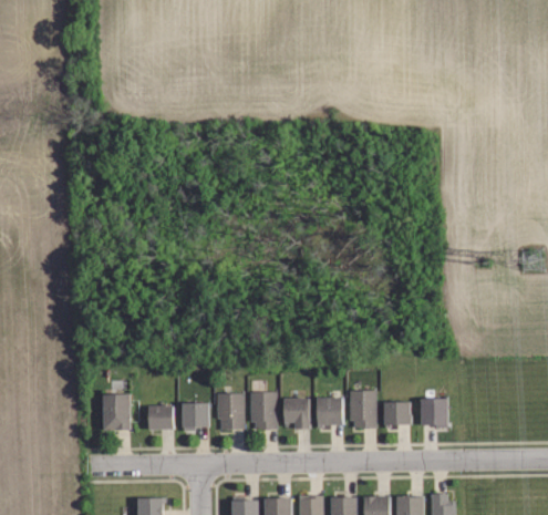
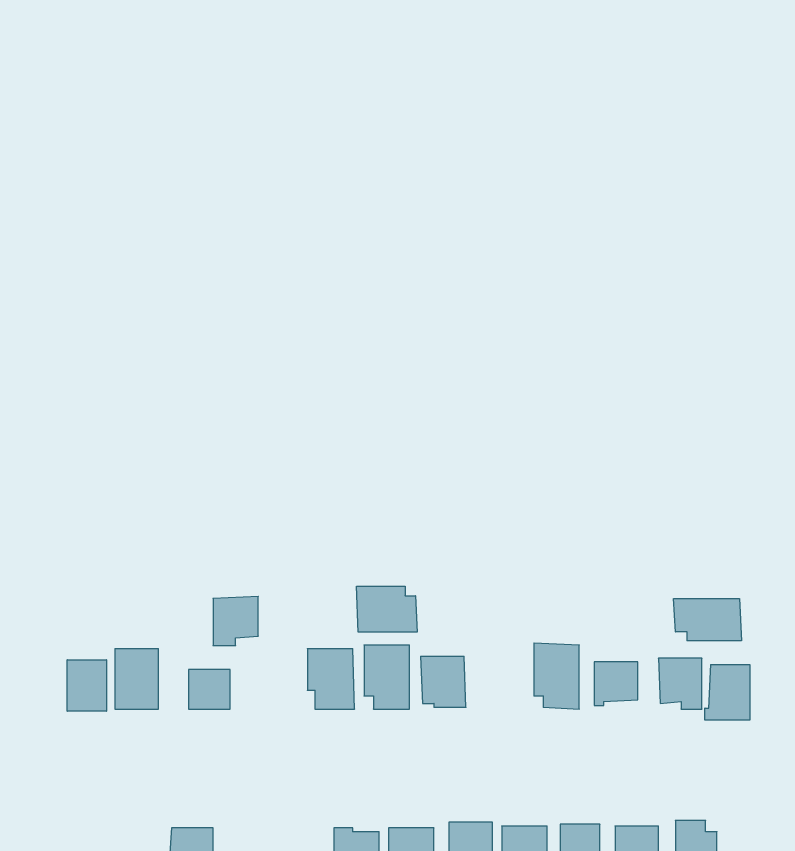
building: none -> [357,586,417,632]
building: none -> [674,599,741,641]
building: [317,398,342,428] -> none
building: none -> [67,660,106,711]
building: [182,402,208,431] -> [213,596,258,646]
building: none -> [705,665,750,720]

